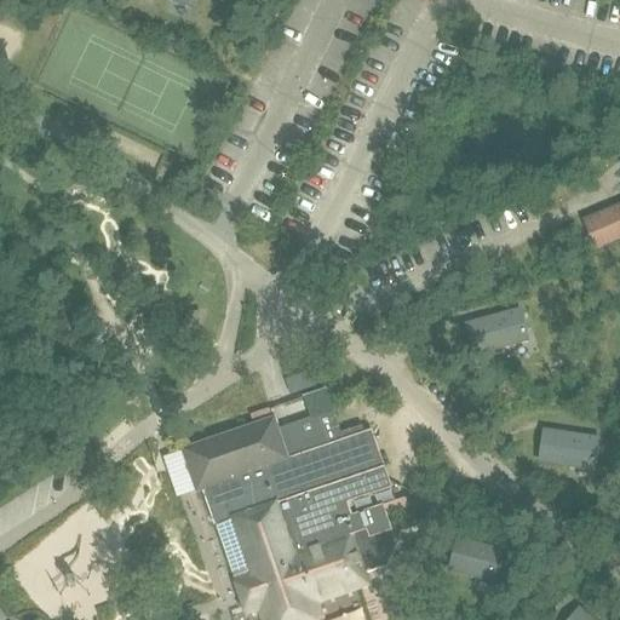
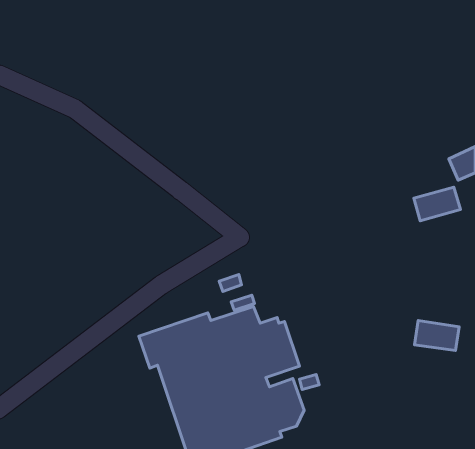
building: [465,308,526,351] -> [414,187,460,221]
building: [449,535,498,578] -> none

